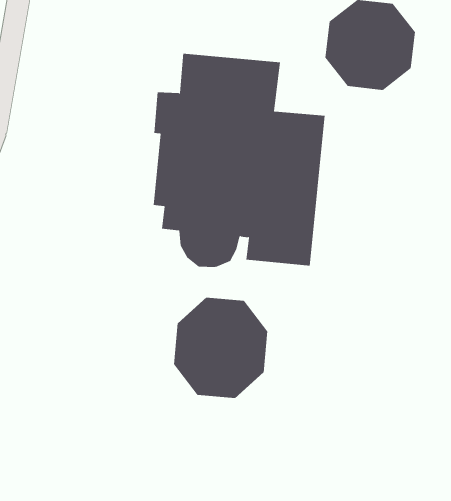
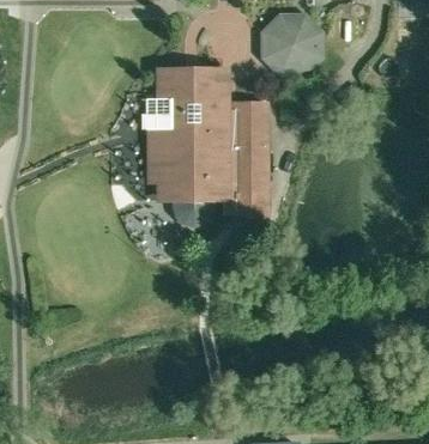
building: [173,297,268,399] -> none

